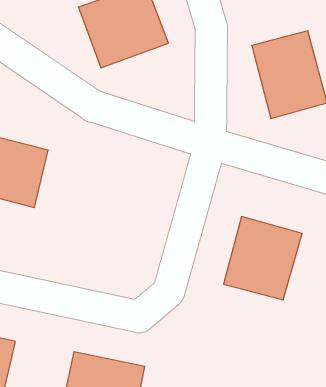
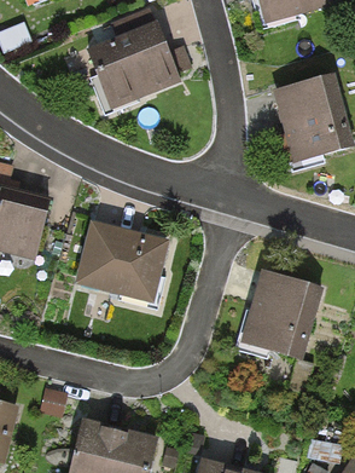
building: none -> [78,221,170,302]

